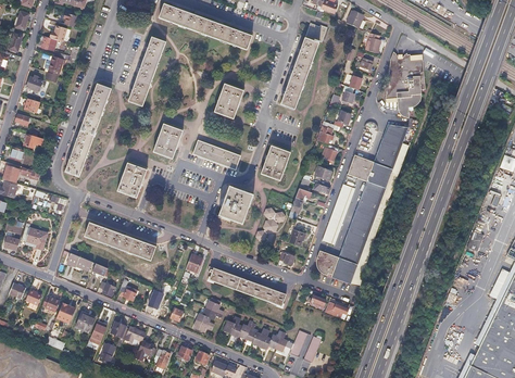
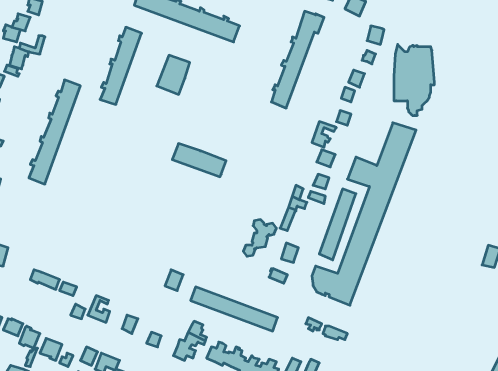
building: [213,84,242,118] -> [157,55,190,94]
building: [153,124,183,160] -> none
building: [260,146,289,180] -> none
building: [117,162,147,197] -> none
building: [218,186,252,223] -> none
building: [85,222,155,260] -> none

